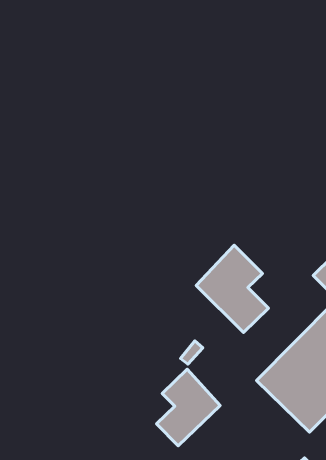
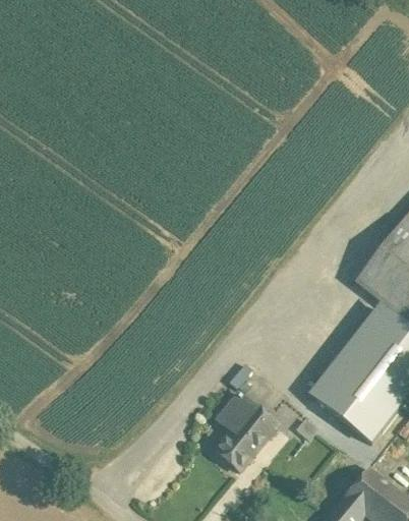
building: [196,245,268,332] -> none

